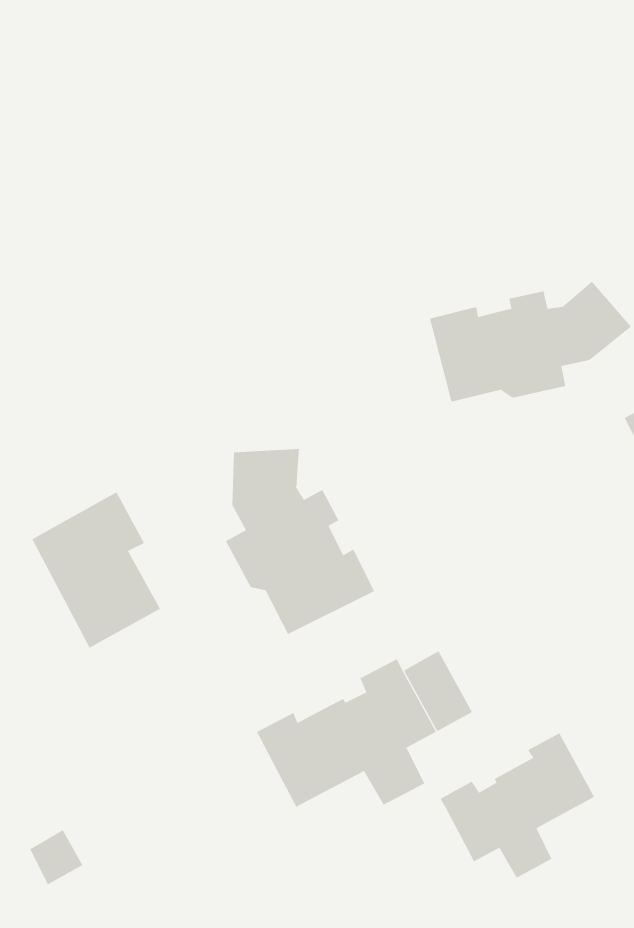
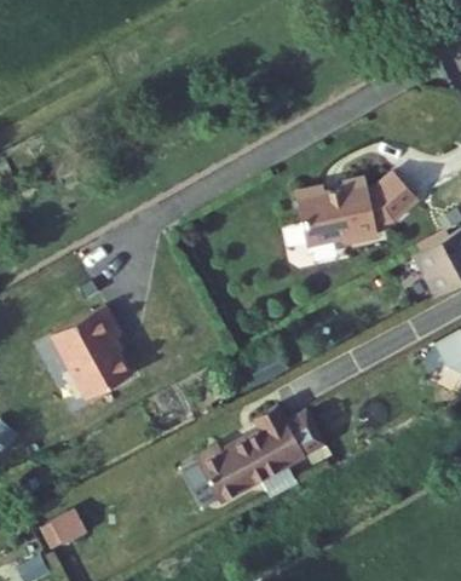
building: [225,448,375,635] -> none
building: [440,732,595,879] -> none

